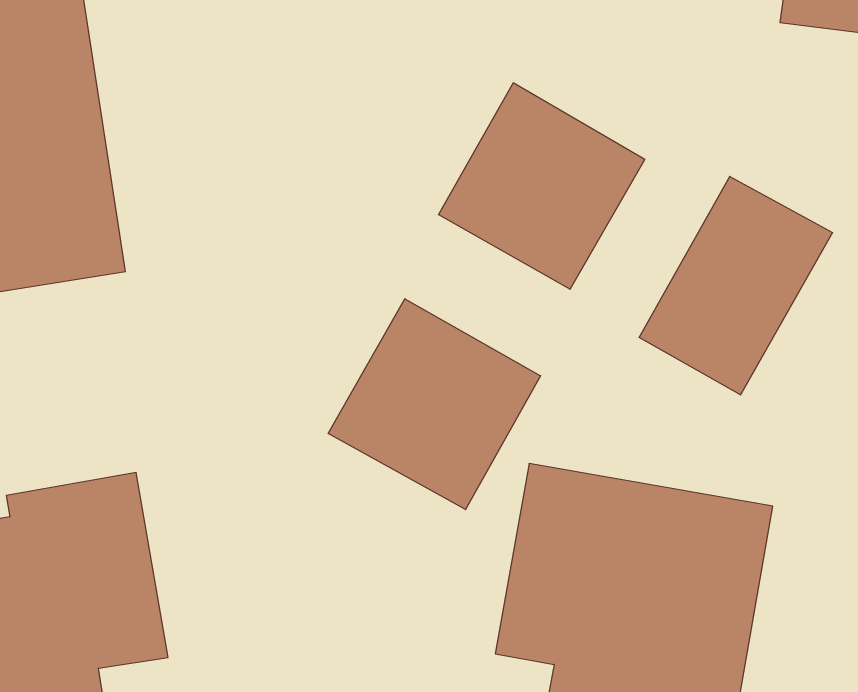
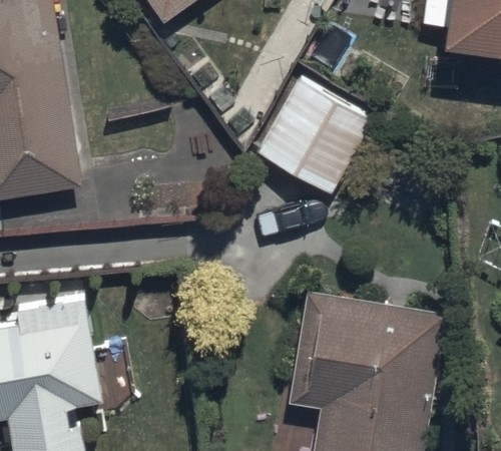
building: [639,176,833,395] -> none
building: [328,299,541,510] -> none

